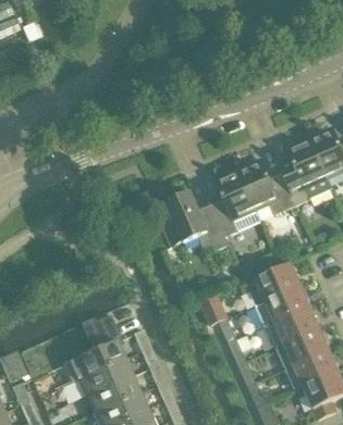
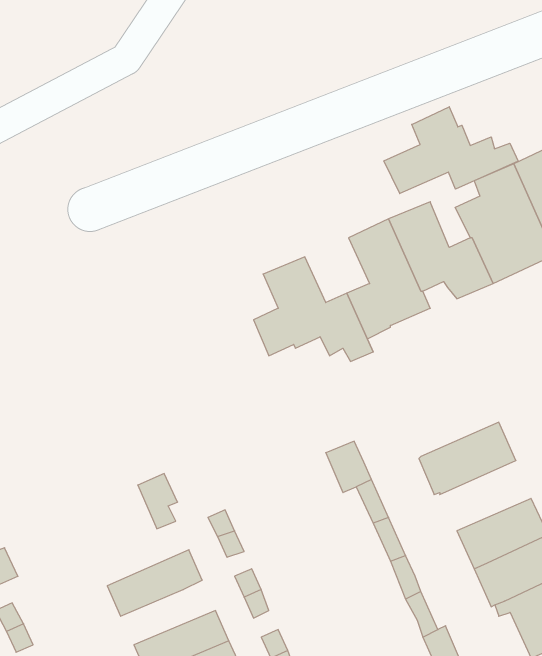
building: none -> [384,107,518,194]
building: [238,262,299,303] -> none
building: [266,305,318,346] -> none
building: [68,339,122,377] -> none
building: [83,374,137,411] -> none

